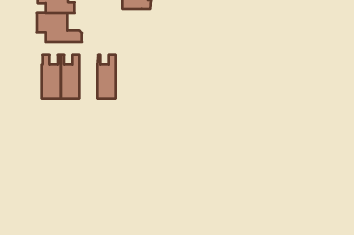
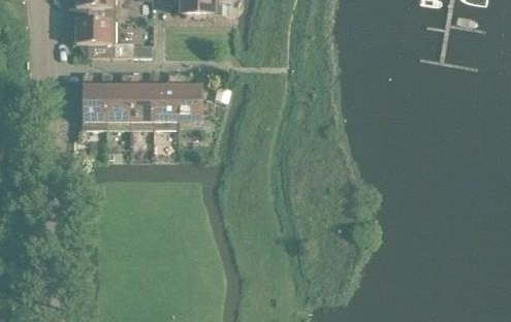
building: none -> [130,72,153,128]
building: none -> [177,72,201,128]

